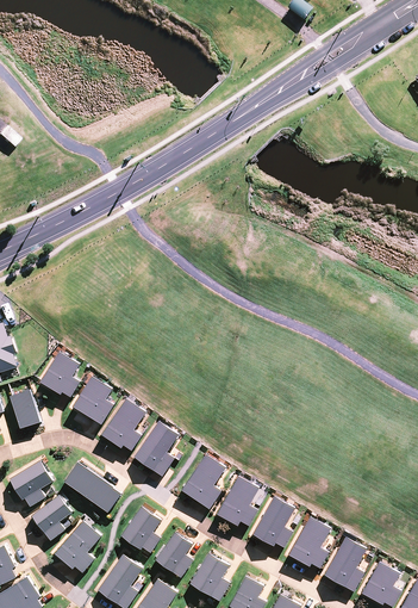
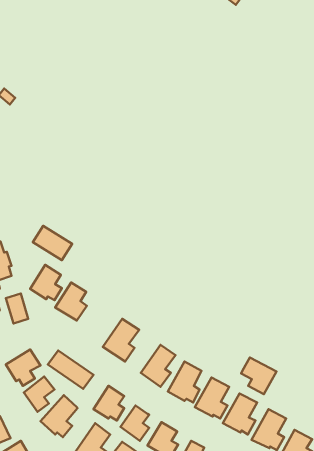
building: none -> [33,226,72,260]
building: [102,399,145,451] -> none
building: none -> [241,357,276,394]

